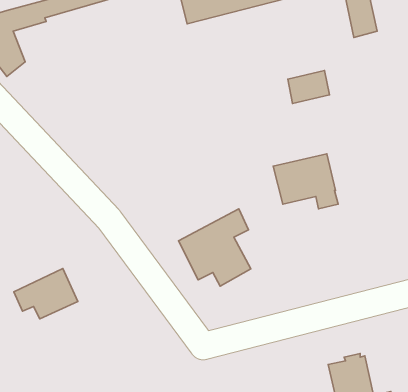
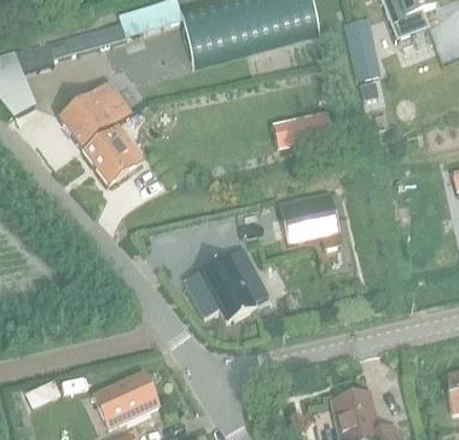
building: none -> [57,81,143,185]
building: [14,268,78,319] -> [94,372,157,422]

